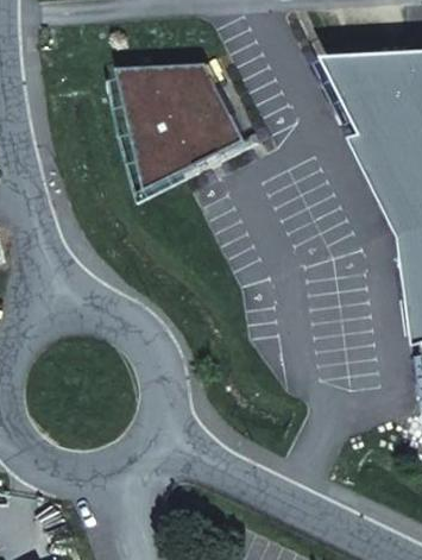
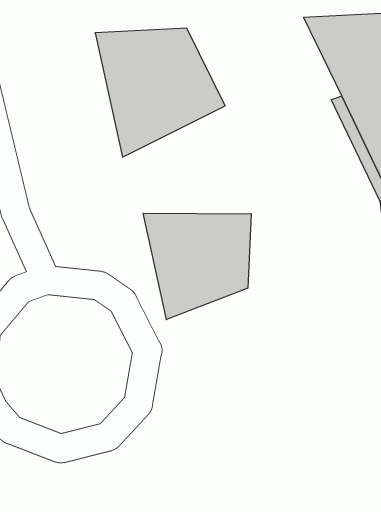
building: none -> [143,213,251,320]

